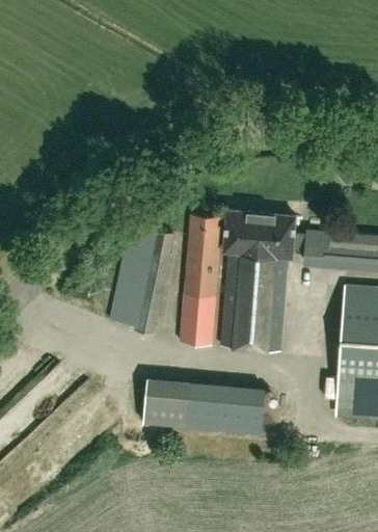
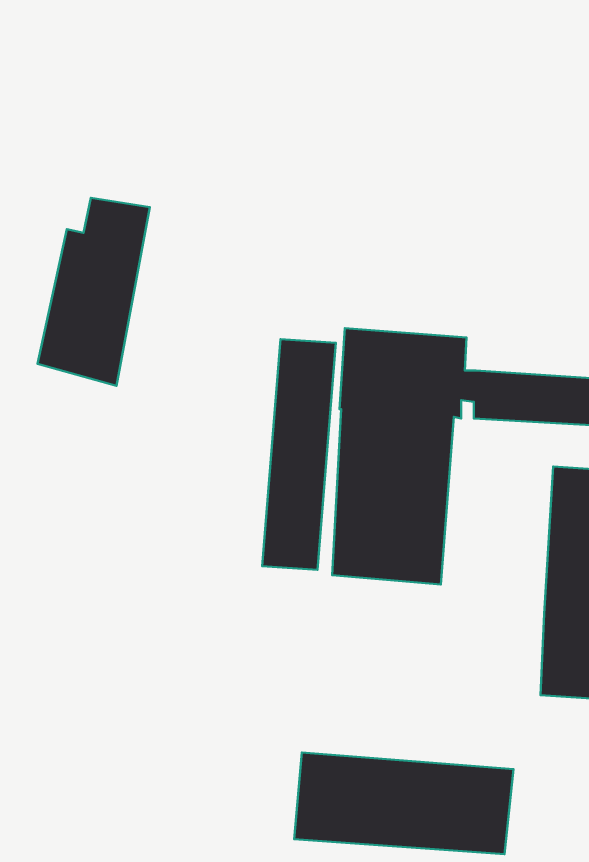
building: [110,227,173,332] -> [37,198,150,386]
building: [142,377,266,434] -> [294,753,514,854]

